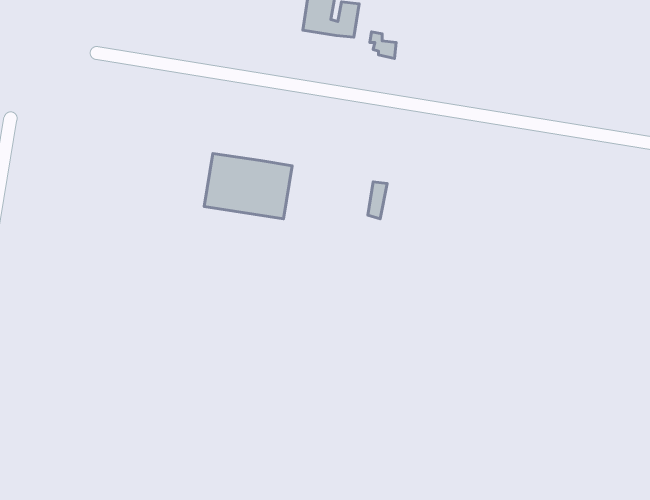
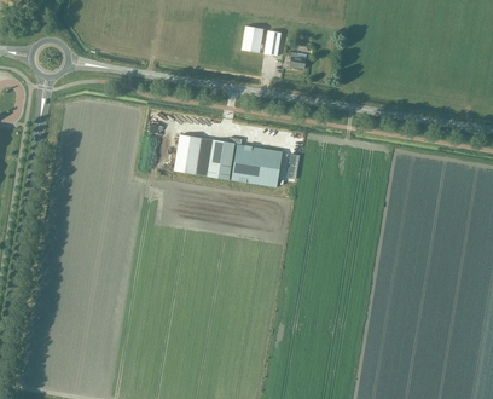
building: none -> [231,144,282,187]

